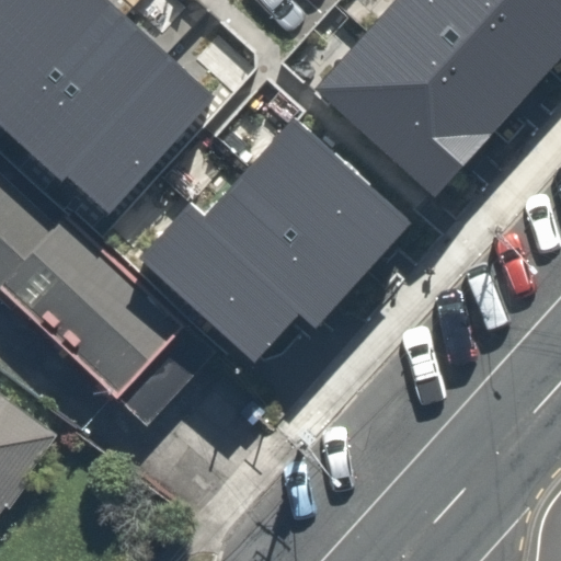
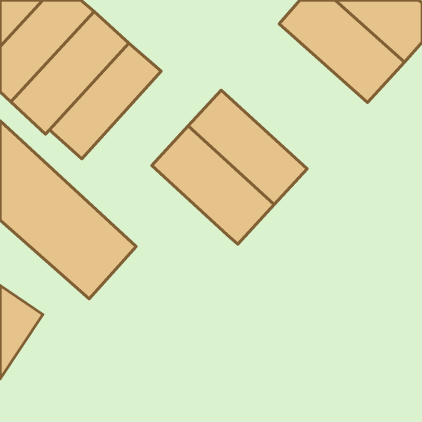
building: [318,33,488,196] -> none
building: [140,208,301,363] -> none

